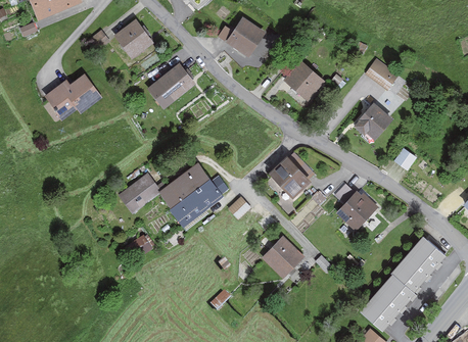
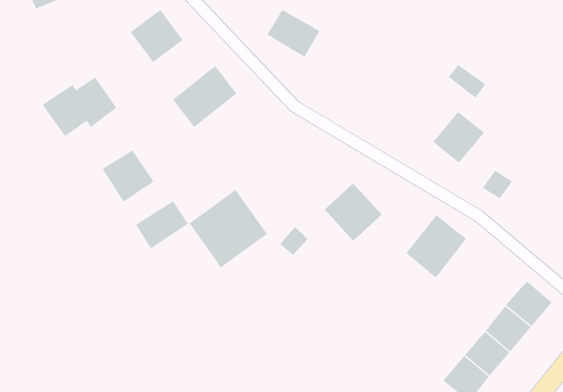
building: [281,59,327,103] -> none
building: none -> [102,149,154,203]
building: [266,233,309,276] -> none

